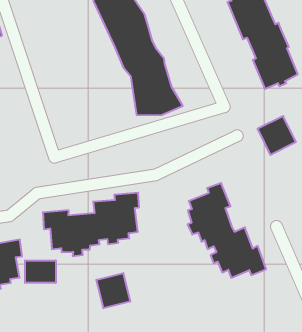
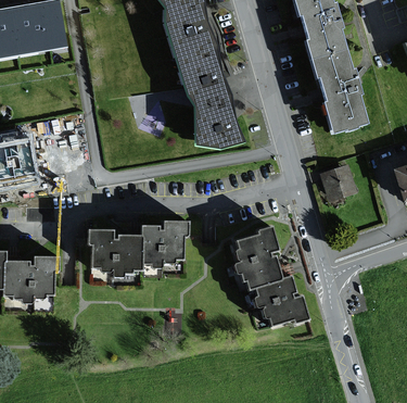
building: [25,260,56,283] -> none
building: [96,273,130,308] -> none

